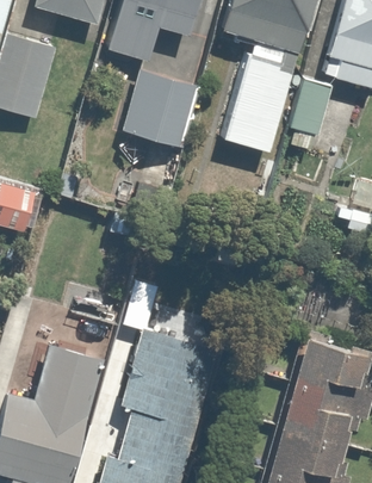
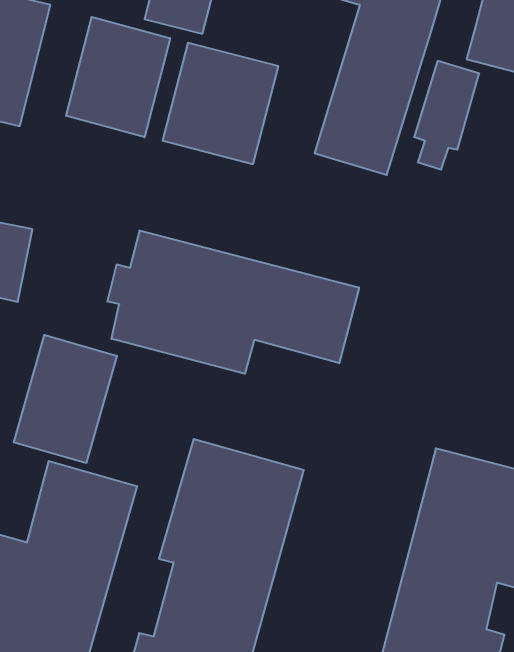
building: none -> [66,17,170,137]
building: none -> [107,230,359,374]
building: none -> [14,335,117,463]

